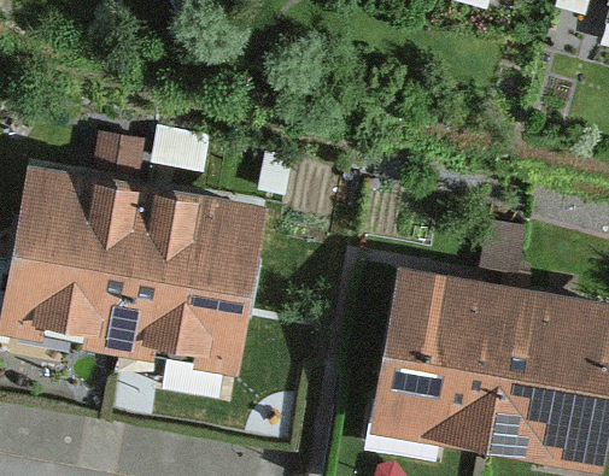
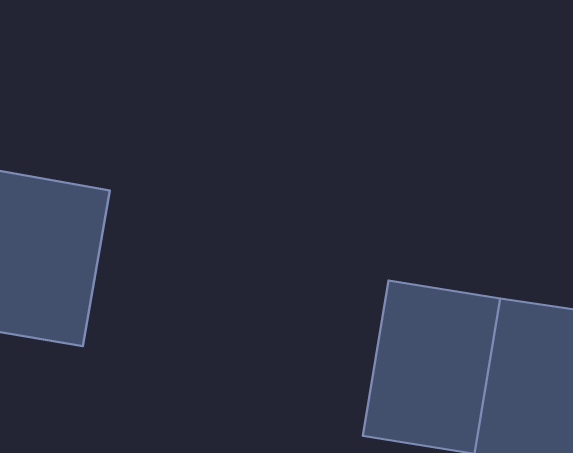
building: [117,193,250,358] -> none

